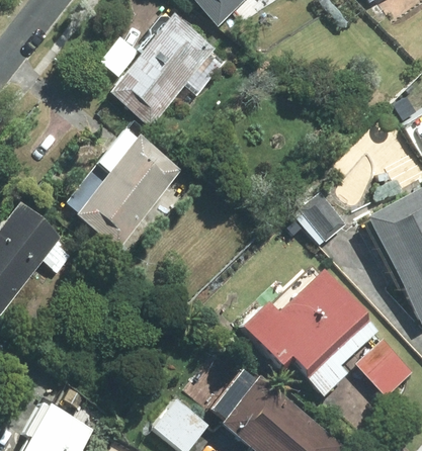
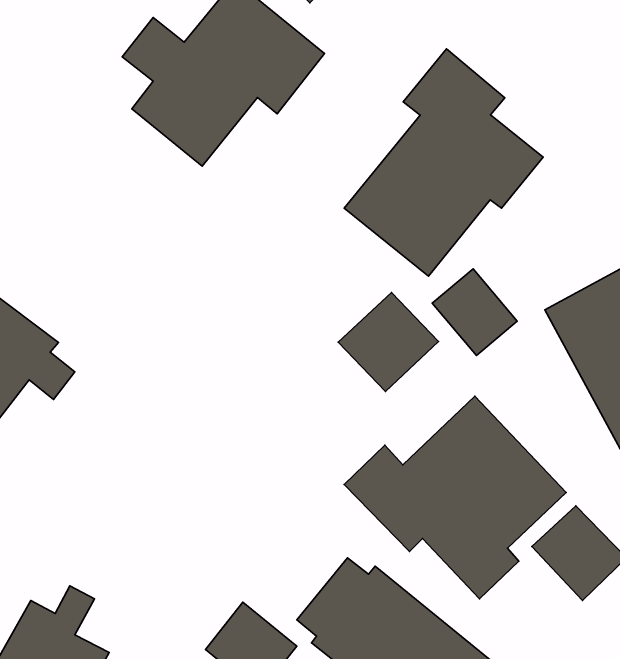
building: none -> [344,49,543,276]
building: [68,129,182,249] -> none
building: none -> [338,292,439,391]

